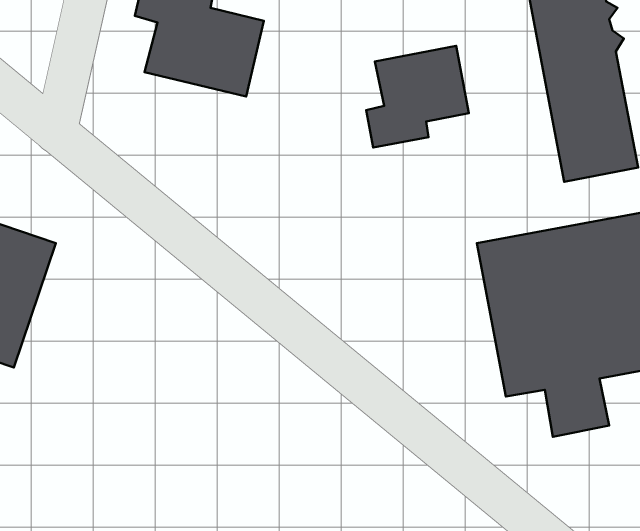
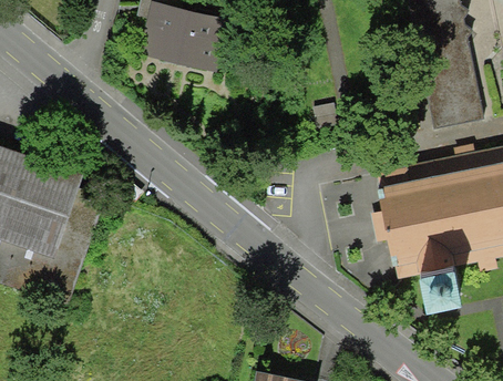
building: [366,46,469,147] -> none

